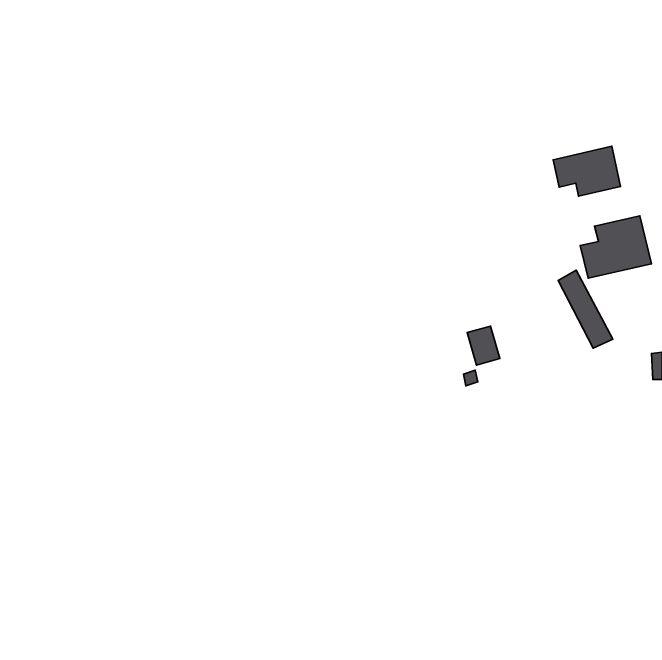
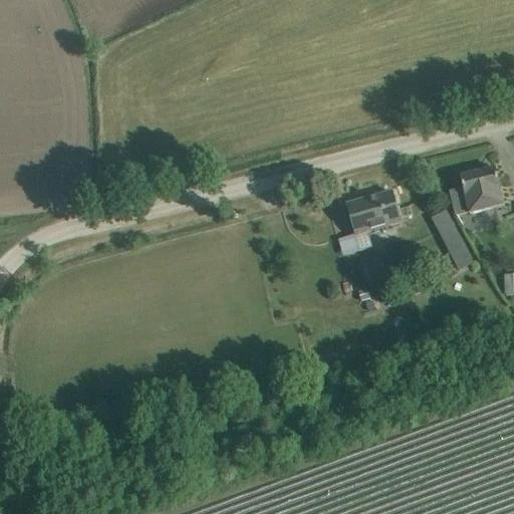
building: [553,146,620,196] -> none
building: none -> [346,191,401,250]

